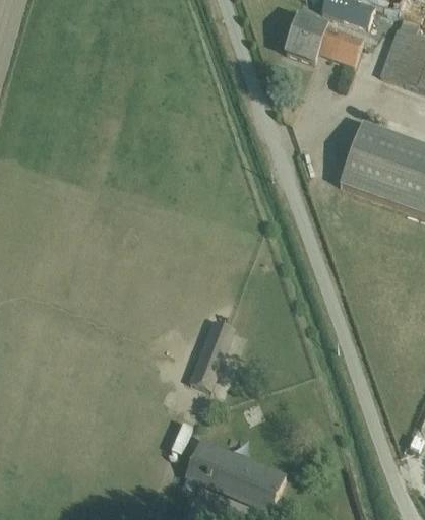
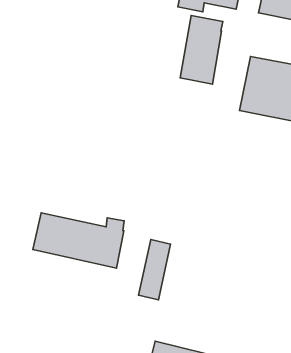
building: none -> [180,16,223,84]
building: none -> [33,213,124,268]

